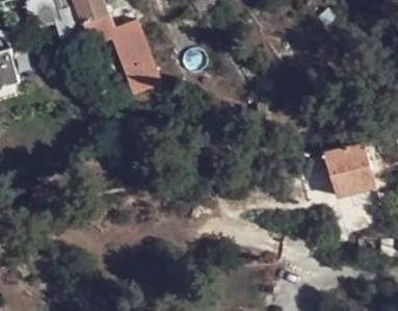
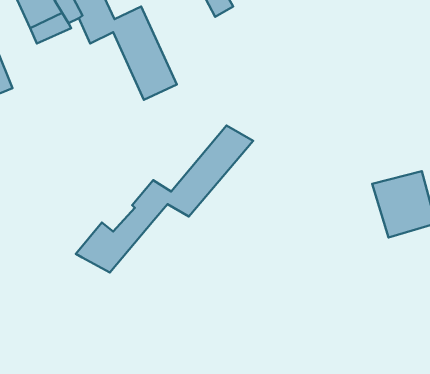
building: none -> [76,126,253,273]

